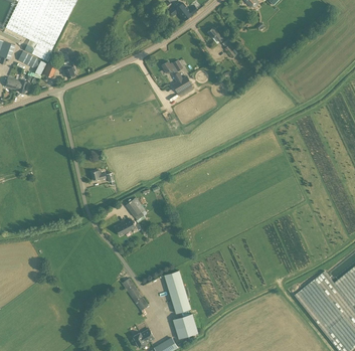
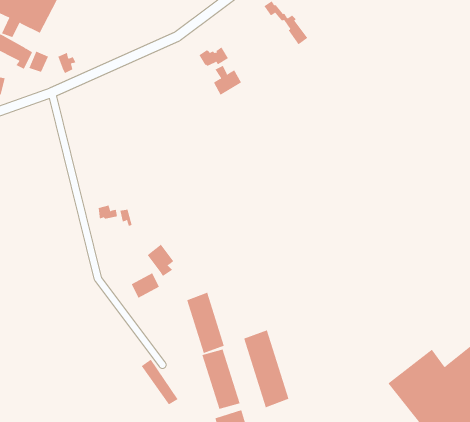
building: none -> [186,292,225,354]
building: none -> [243,329,289,408]

